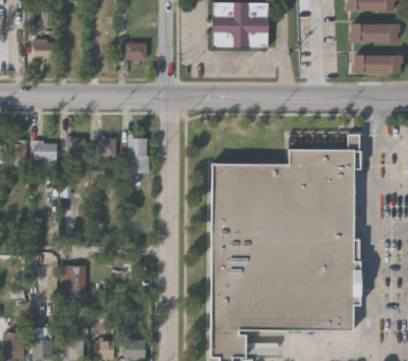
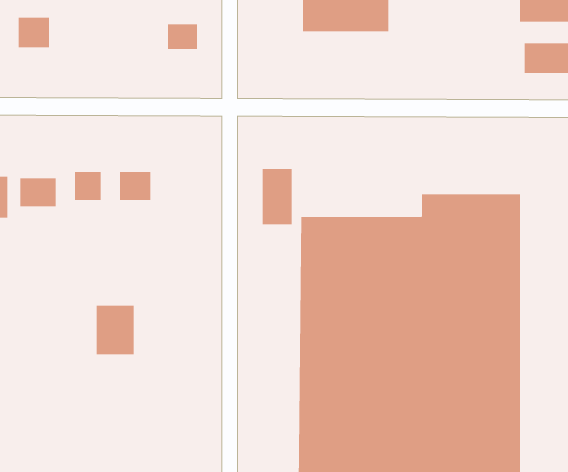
building: [130,137,149,172] -> [262,169,292,225]
building: [61,265,86,297] -> [96,305,135,355]

